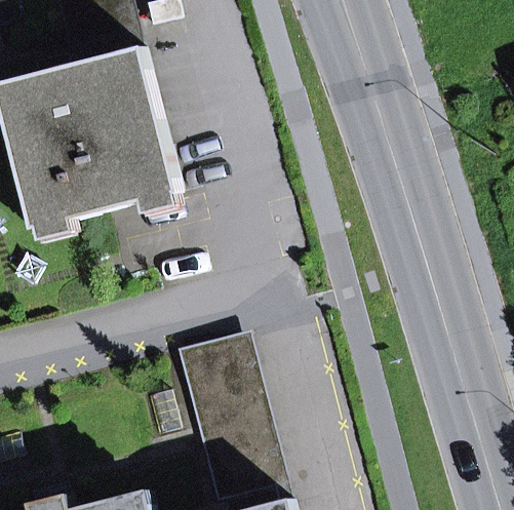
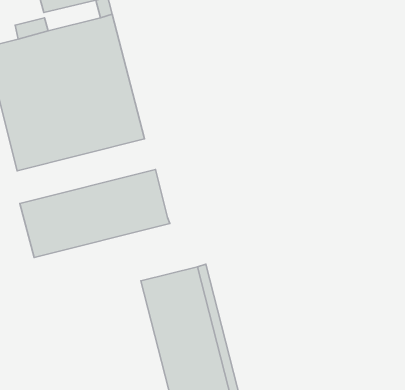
building: none -> [20,169,170,258]

